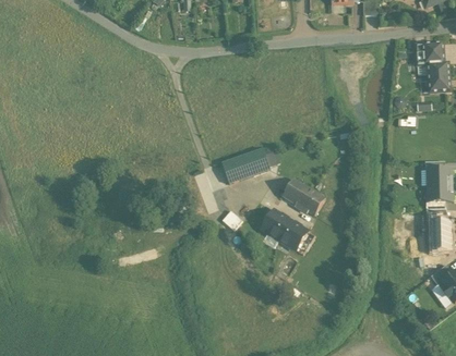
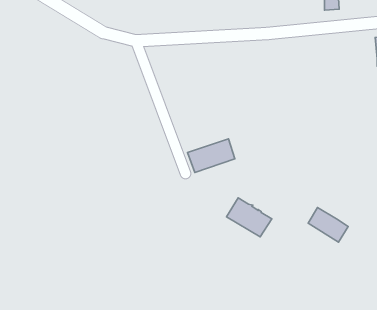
building: [283,179,324,214] -> [308,207,348,242]

